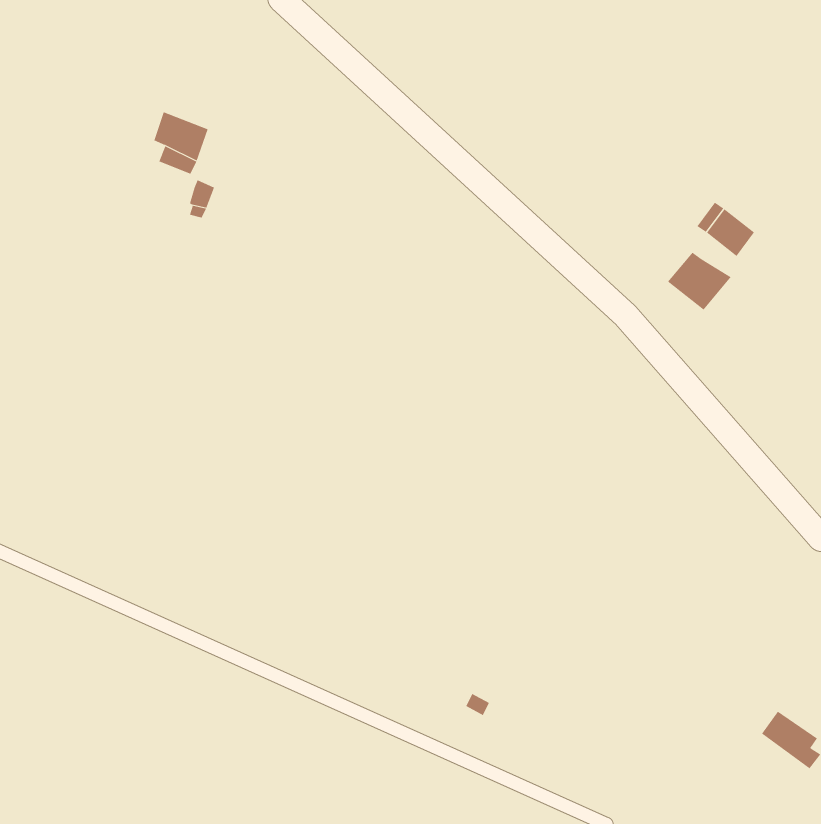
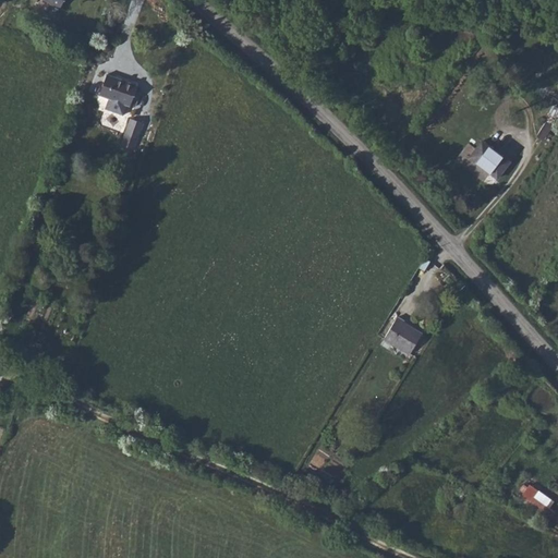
building: [667,252,732,310] -> none
building: none -> [381,316,420,353]

